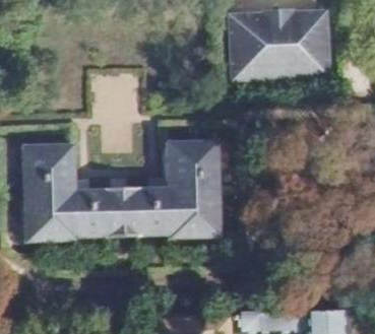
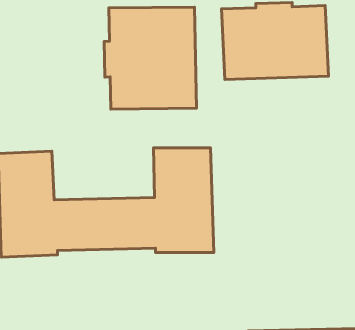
building: none -> [104,7,197,109]

